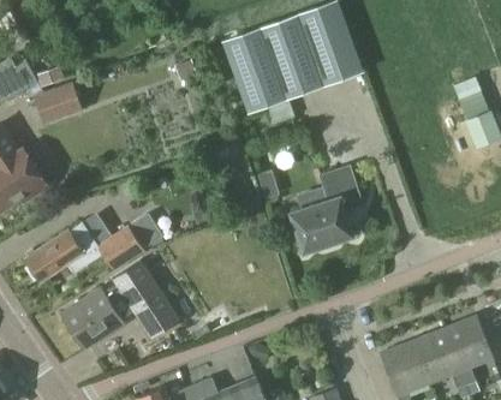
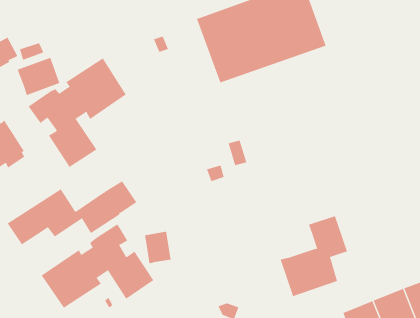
building: none -> [28,58,127,168]
building: [291,166,363,252] -> [280,215,348,297]
building: none -> [144,231,171,264]

